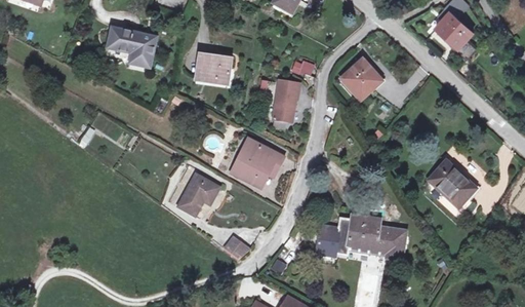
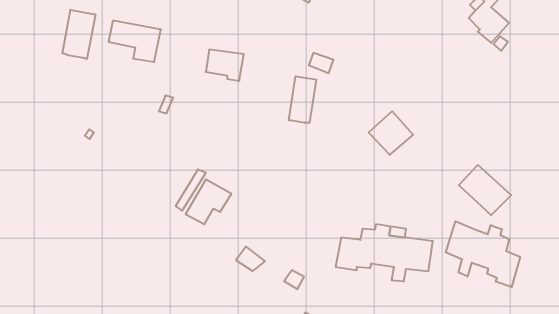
building: none -> [62,10,95,59]
building: [340,59,381,99] -> [369,111,413,155]
building: [232,138,285,187] -> none
building: none -> [446,221,520,287]

